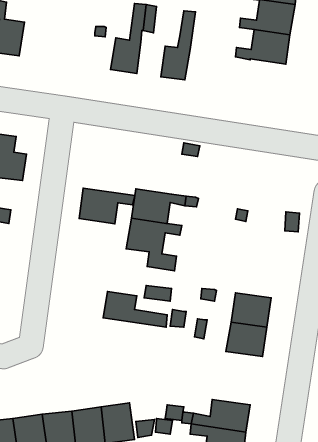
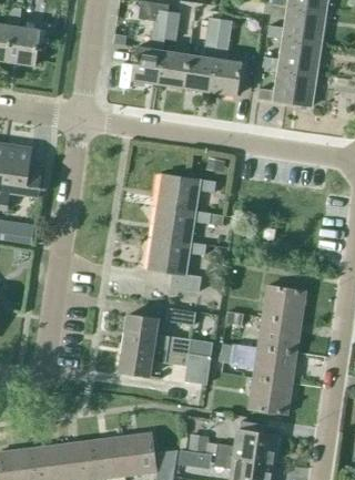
building: none -> [210,18,242,94]
building: none -> [159,50,189,86]
building: none -> [258,68,316,105]
building: [79,188,135,224] -> [158,173,216,211]
building: none -> [263,285,306,320]
building: none -> [120,341,211,384]
building: none -> [248,377,292,413]

